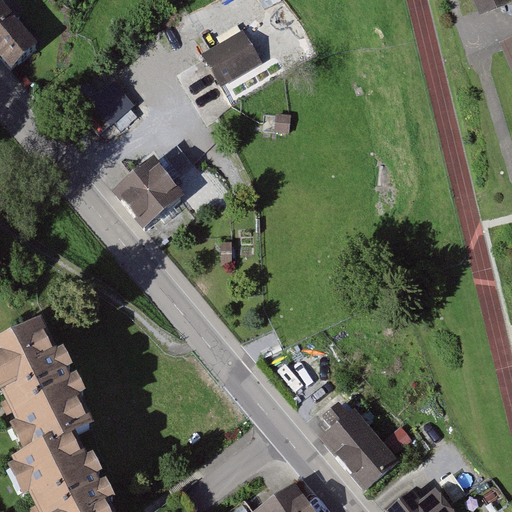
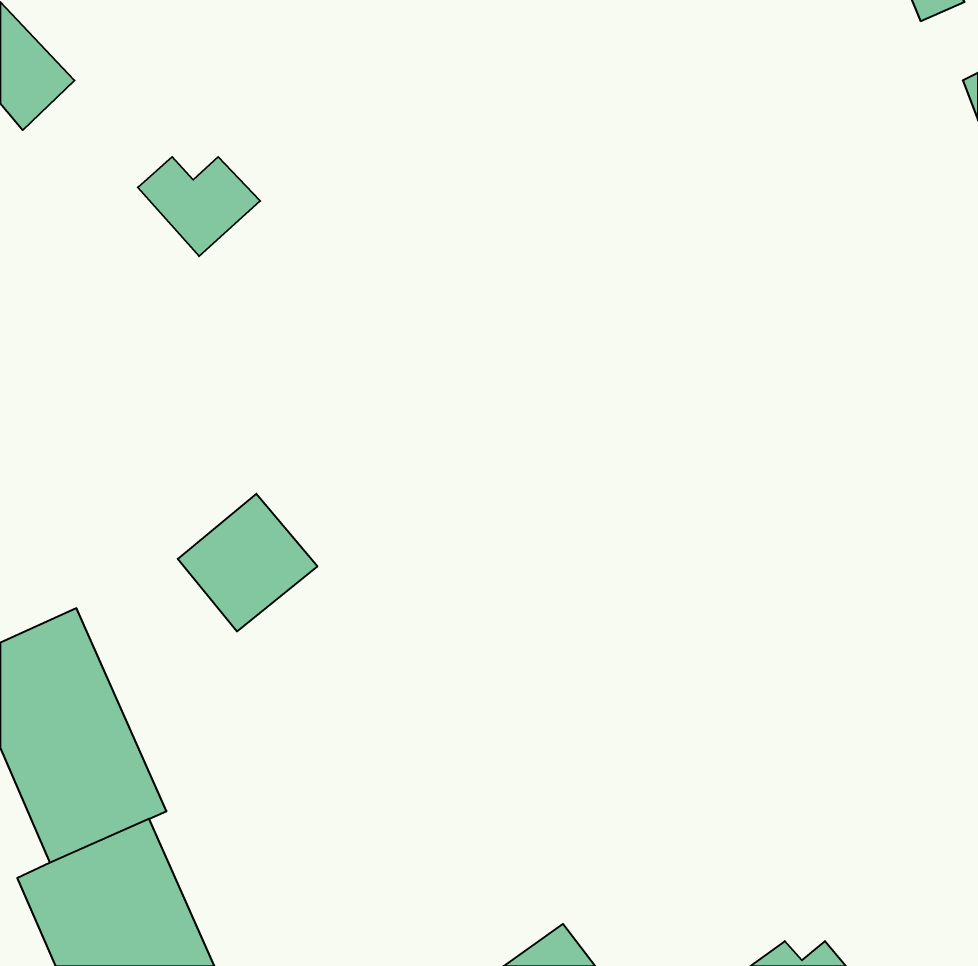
building: [203,30,262,88] -> none
building: [115,153,188,225] -> [178,494,317,631]
building: [322,410,398,489] -> none

